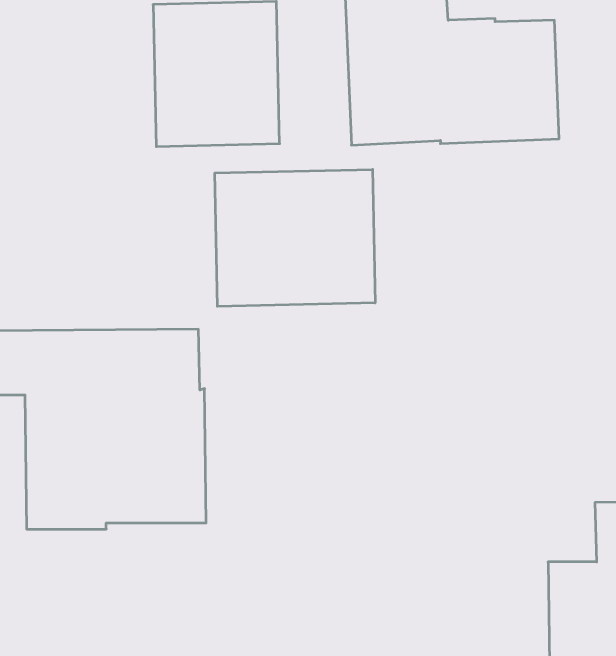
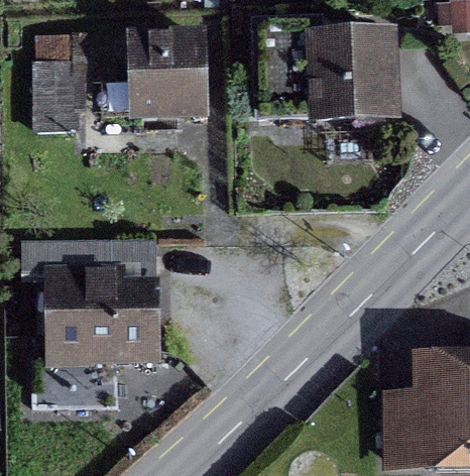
building: none -> [34,31,88,131]
building: [215,169,375,306] -> none

